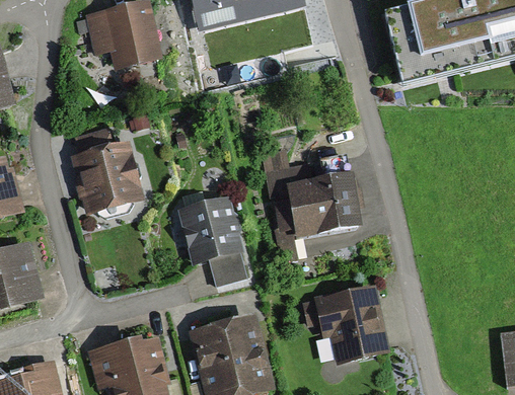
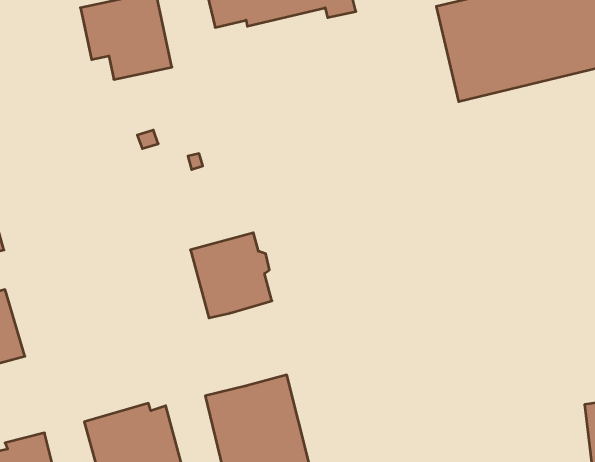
building: [67,124,147,217] -> none
building: [262,144,361,255] -> none
building: [210,250,250,282] -> none
building: [302,284,389,362] -> none

